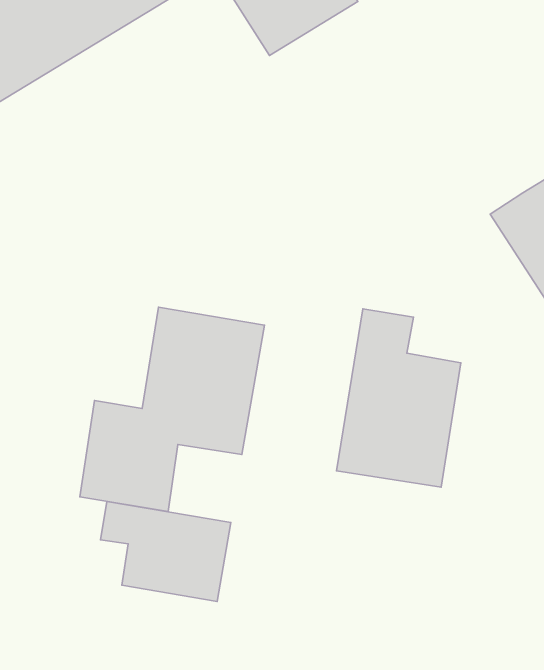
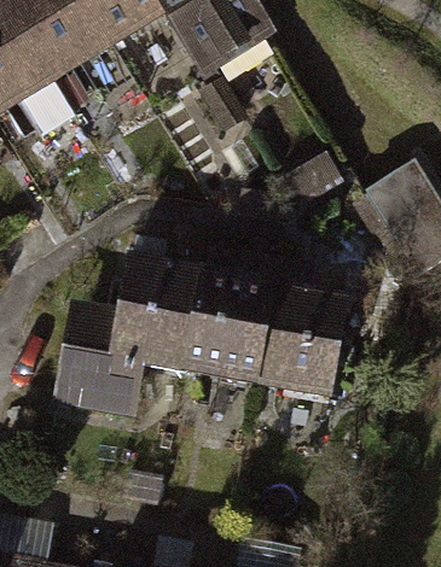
building: none -> [182,259,272,384]
building: [100,501,231,602] -> none

